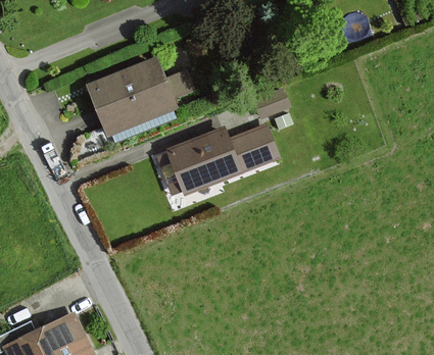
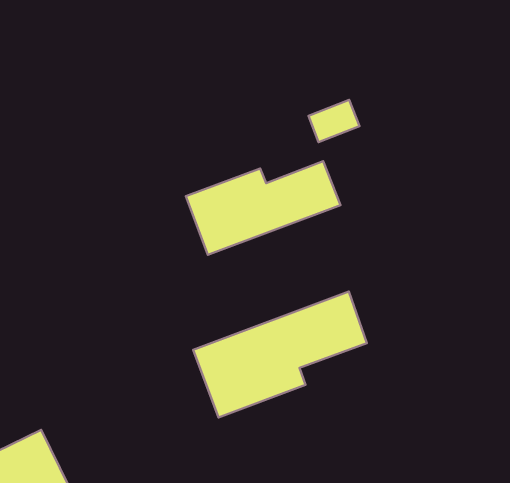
building: [89,59,174,133] -> none
building: none -> [193,292,367,418]

